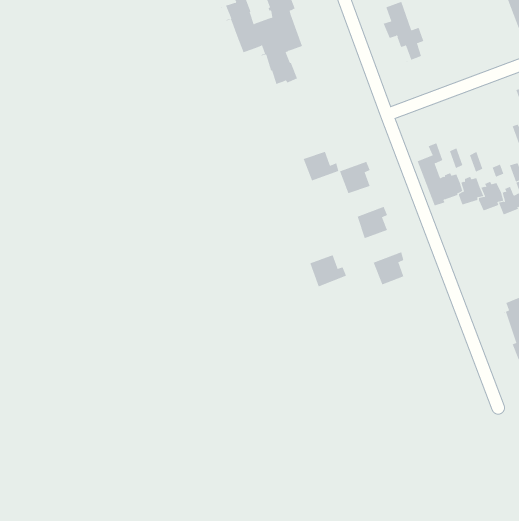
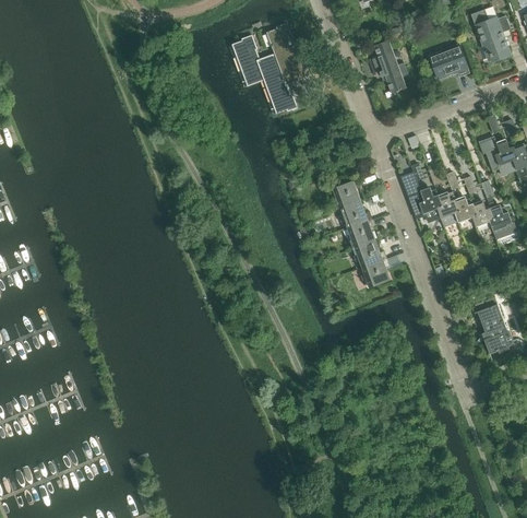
building: none -> [429,44,469,79]
building: [303,151,339,181] -> [340,201,372,227]
building: [309,254,347,287] -> [355,239,387,268]

